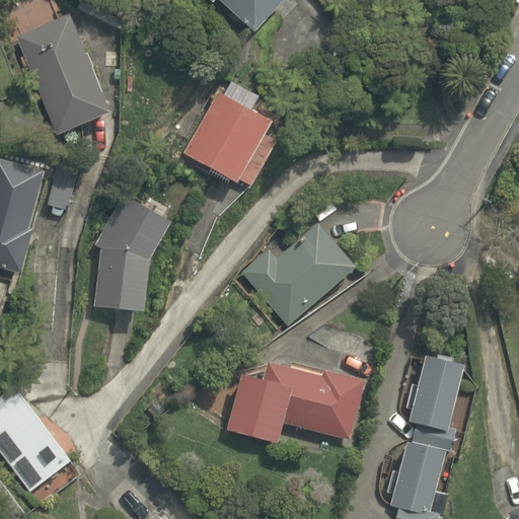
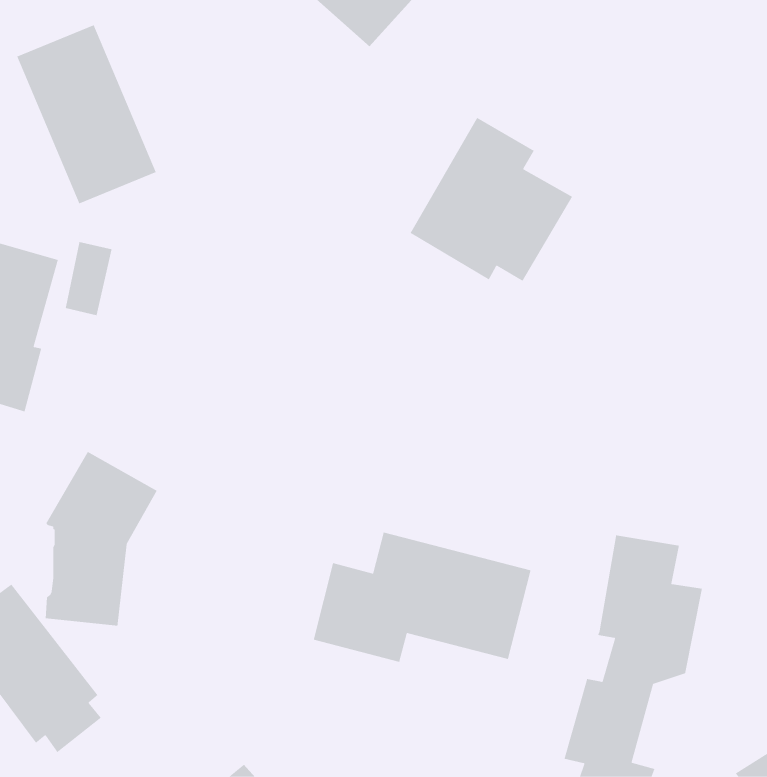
building: [173,74,282,183] -> [410,117,573,282]
building: [96,197,171,313] -> [45,451,158,627]
building: [236,220,351,325] -> none

